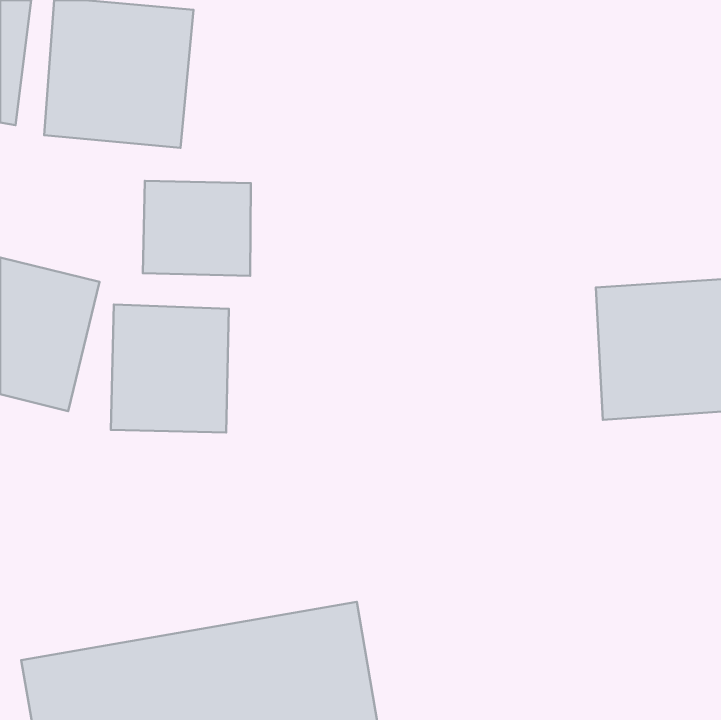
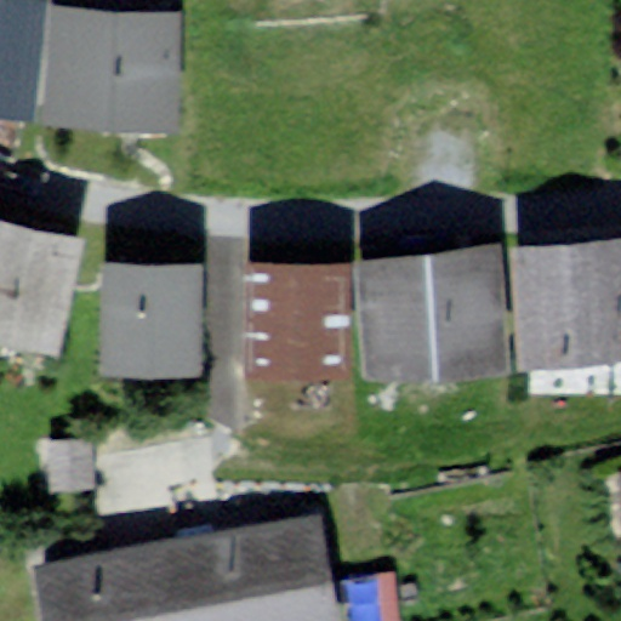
building: [143,181,251,276] -> none
building: none -> [358,255,508,378]
building: none -> [244,264,353,377]

